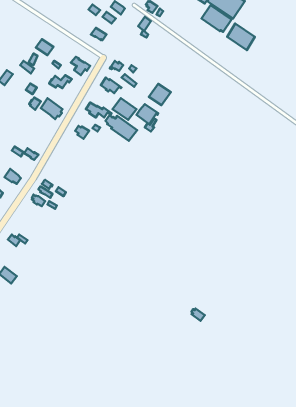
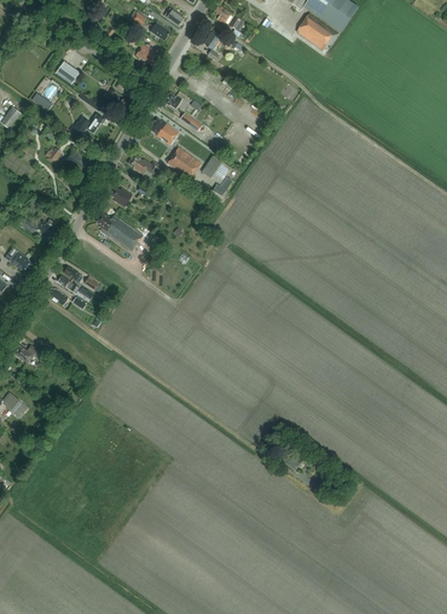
building: [227,23,255,50] -> none
building: [149,84,171,105] -> none
building: [105,115,137,141] -> [97,212,143,250]

